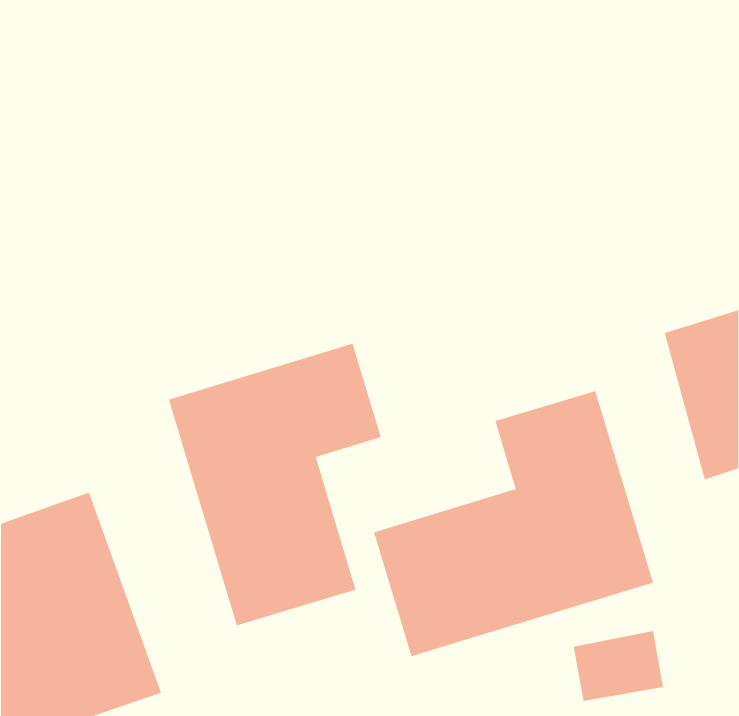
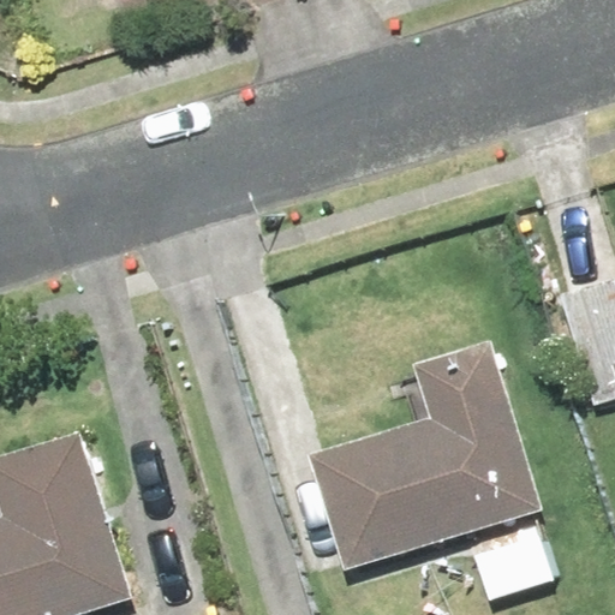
building: [168,343,382,626] -> none

